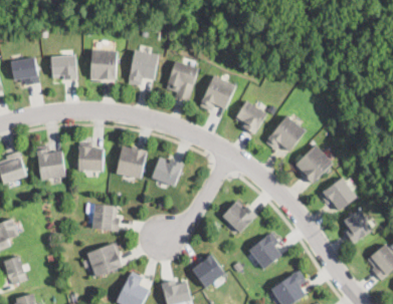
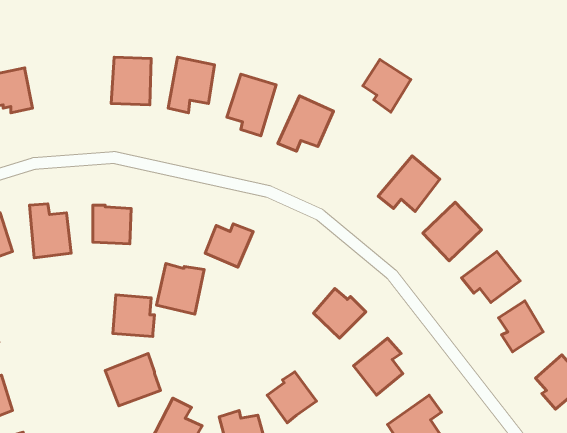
building: [50,56,77,82] -> none
building: [235,99,266,133] -> [363,60,411,112]
building: [116,146,147,180] -> [156,263,204,314]

